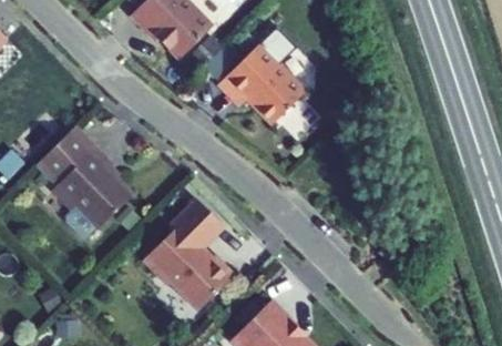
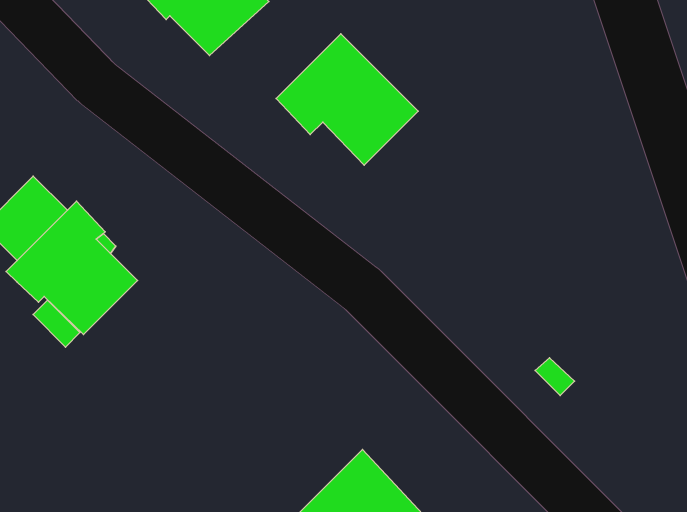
building: [142,199,234,309] -> none

